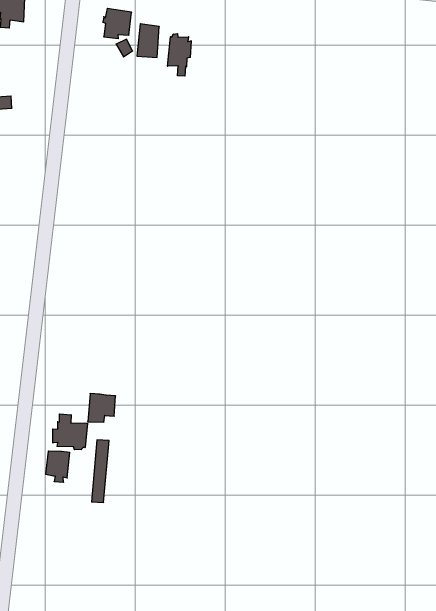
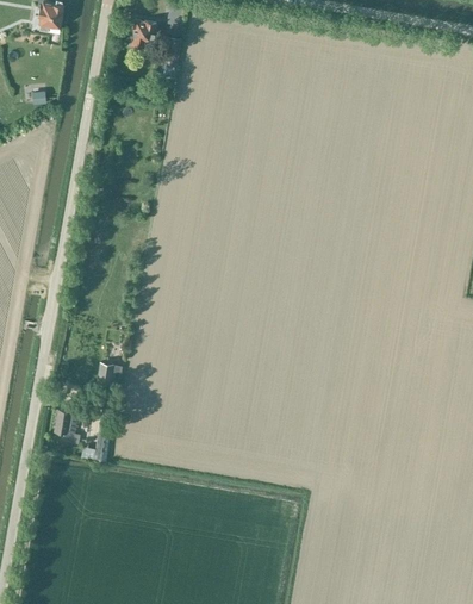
building: [168,34,191,76] -> none
building: [53,414,87,450] -> none

